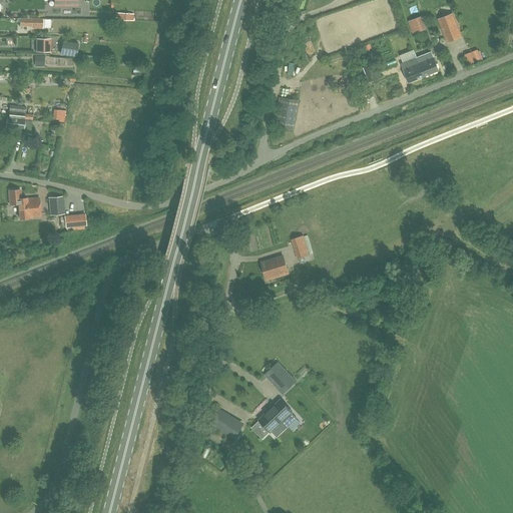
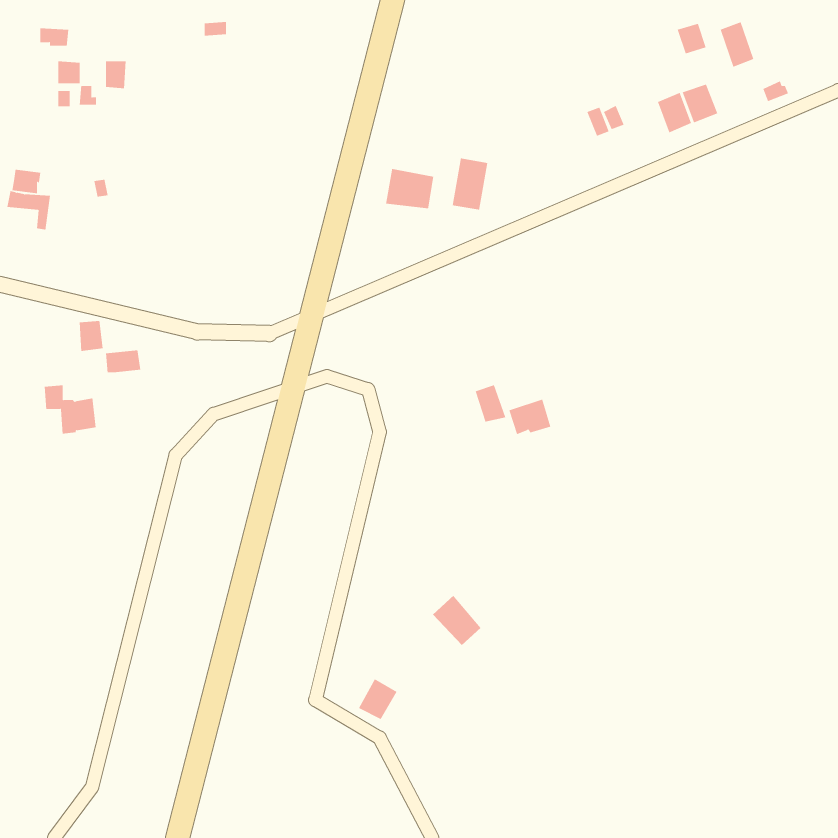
building: none -> [386,168,434,209]
building: [8,188,40,218] -> [44,385,96,434]
building: [261,254,287,277] -> [508,399,551,435]
building: [258,399,294,435] -> none

